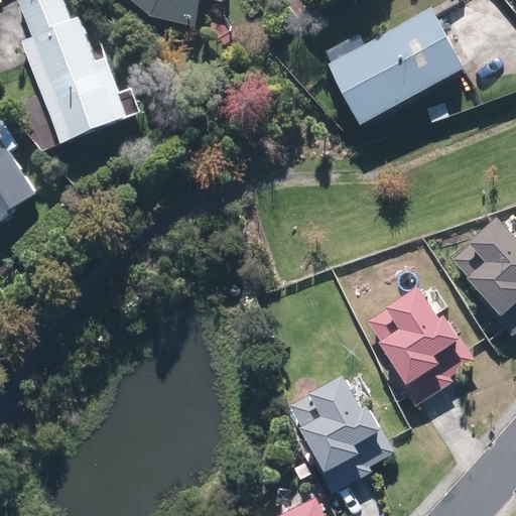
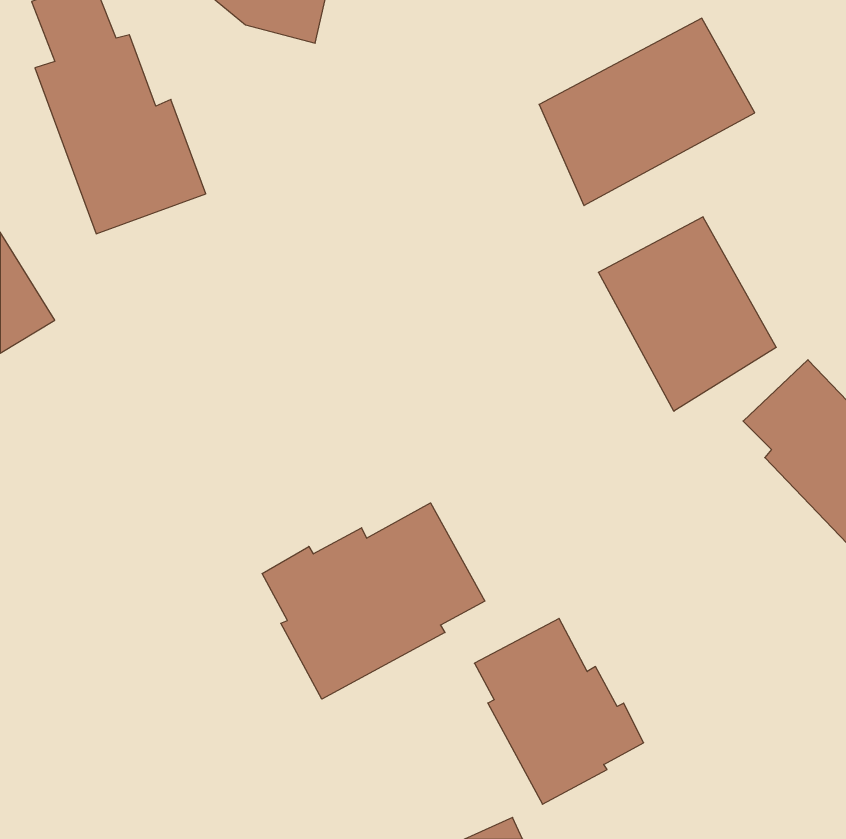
building: none -> [598,217,776,411]
building: [369,289,472,401] -> none
building: none -> [262,503,485,699]

